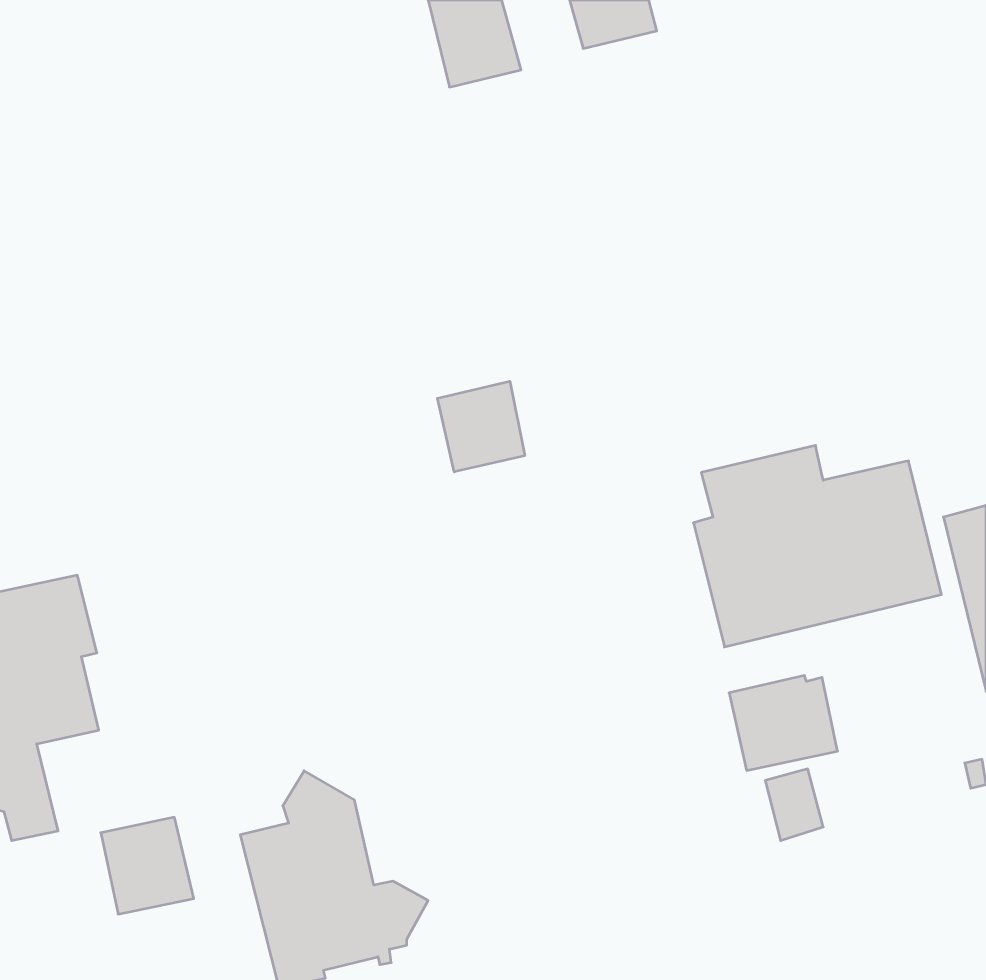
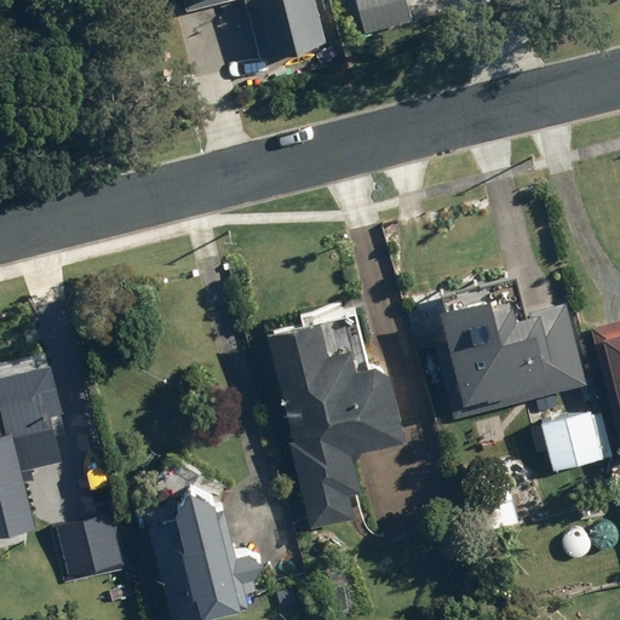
building: [437,381,525,472] -> none
building: none -> [269,322,402,528]
building: [729,676,838,770] -> [541,414,609,473]

